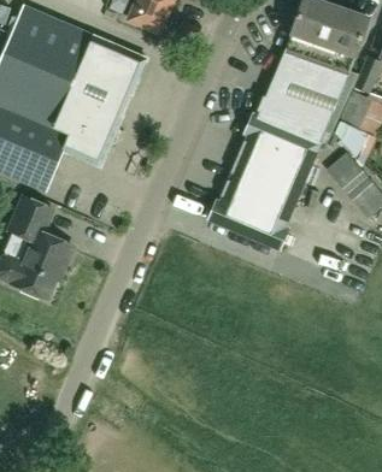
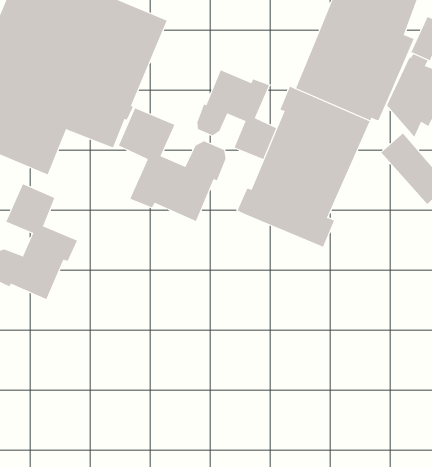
building: none -> [197,69,277,160]
building: none -> [118,108,226,222]

